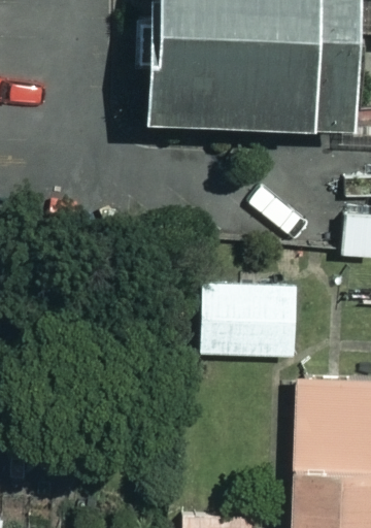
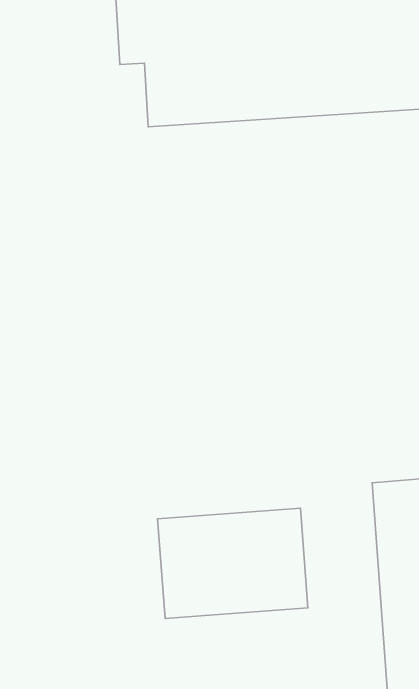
building: [197,283,301,357] -> [157,508,308,618]

